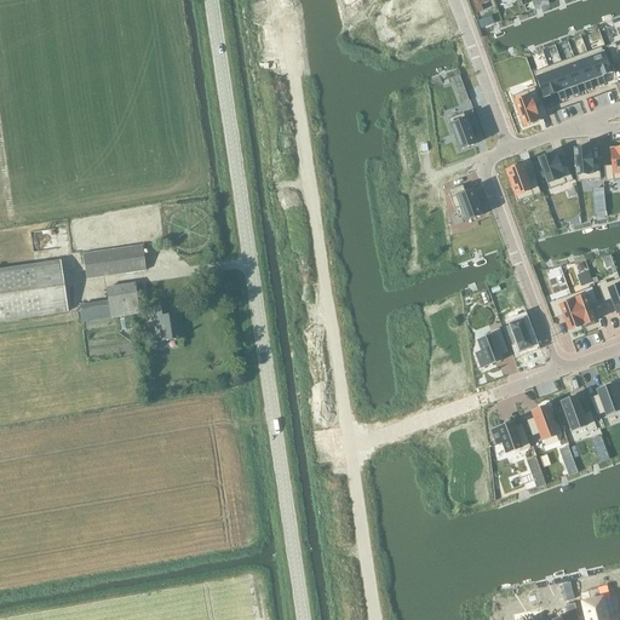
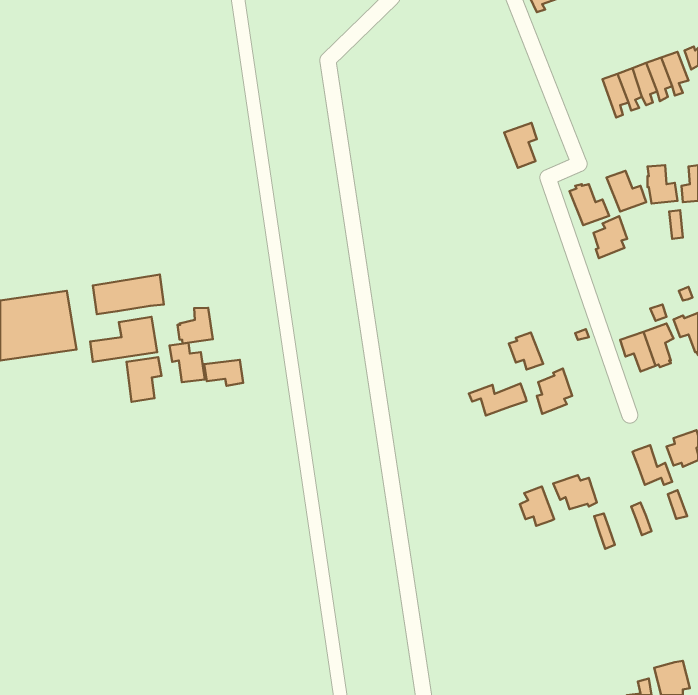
building: [512,86,540,125] -> none
building: [448,184,482,219] -> none
building: none -> [593,216,627,258]
building: none -> [177,308,213,344]
building: none -> [127,357,162,402]
building: [503,317,533,350] -> [509,333,543,369]
building: none -> [204,360,243,386]
building: none -> [469,383,527,415]
building: [527,404,557,440] -> [520,486,554,526]

